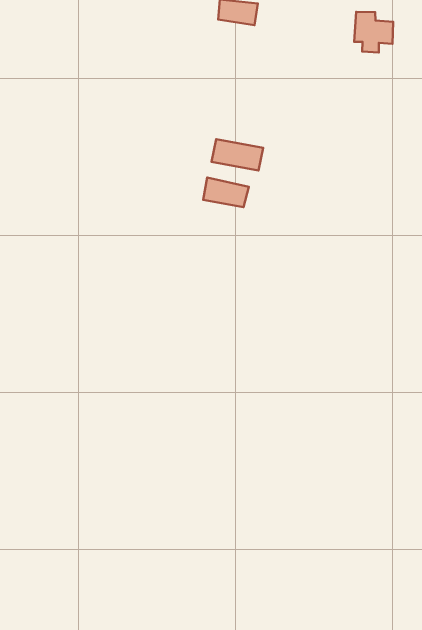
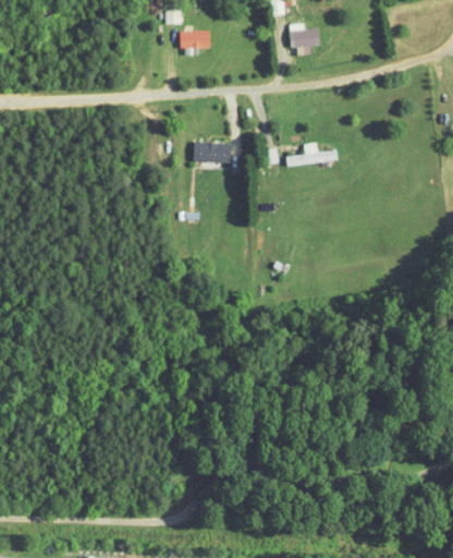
building: none -> [286,143,339,167]
building: [203,178,249,207] -> none

